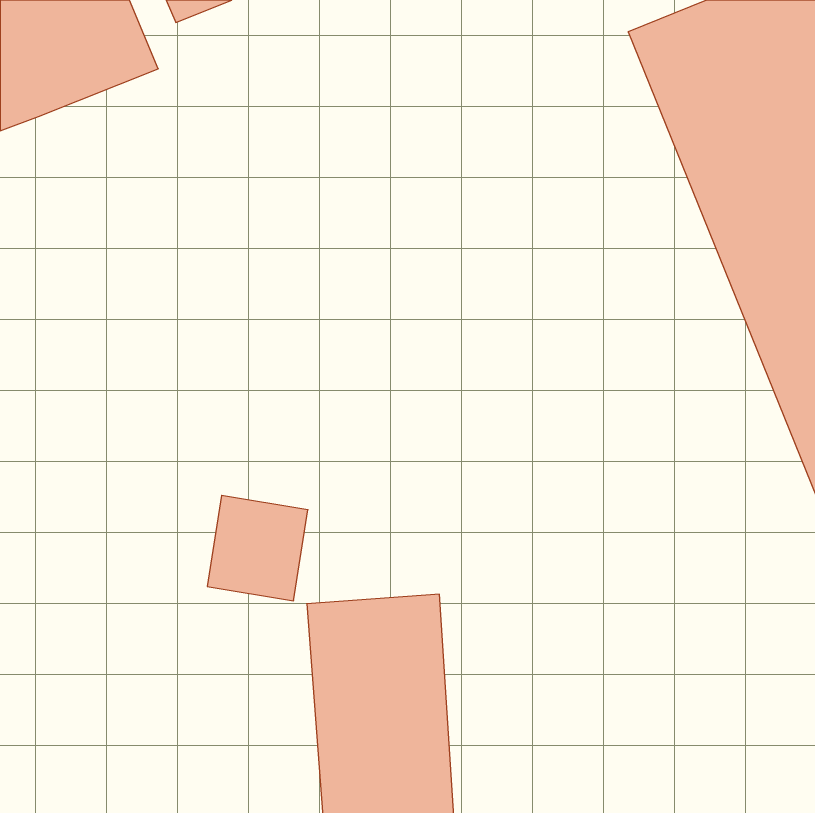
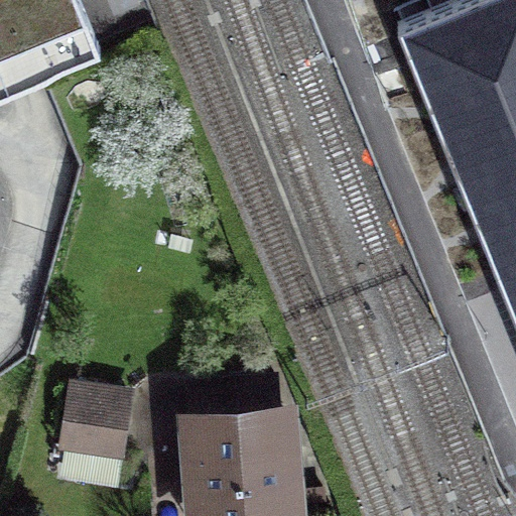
building: [207,495,308,601] -> [66,385,129,452]

